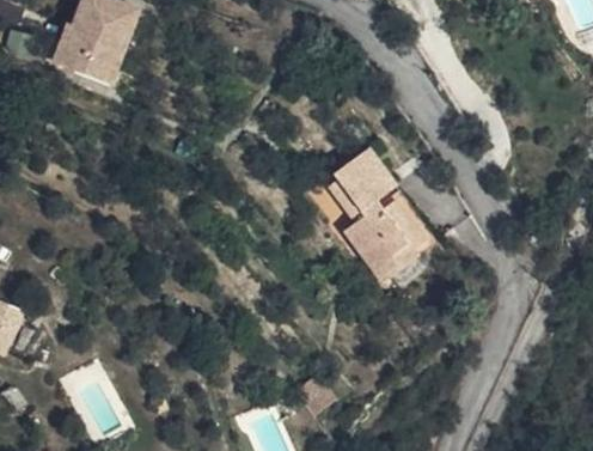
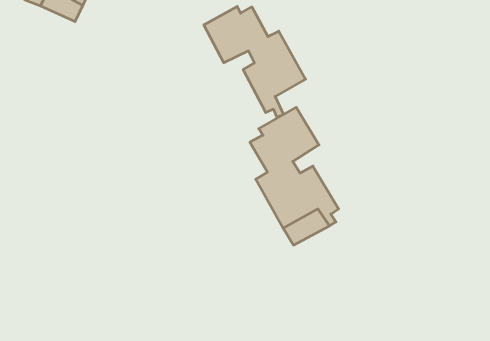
building: none -> [204,6,306,117]

